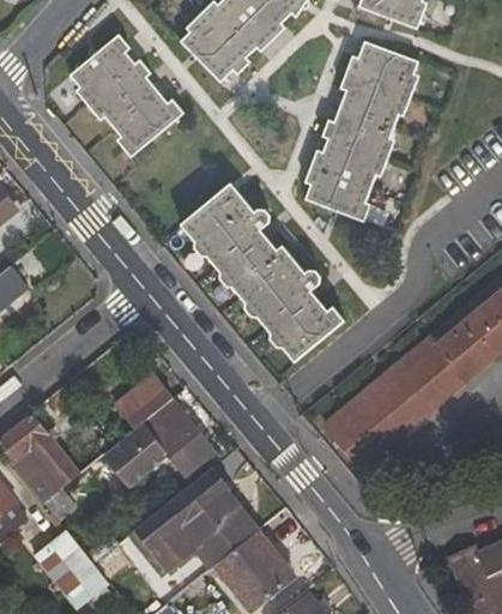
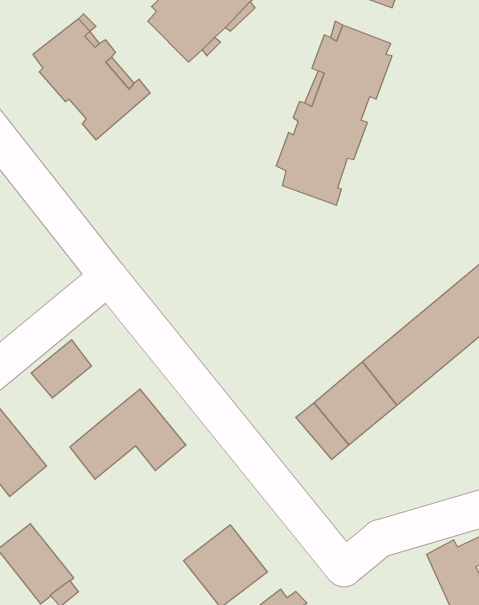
building: [180,185,343,362] -> none
building: [114,374,173,431] -> [31,340,92,398]
building: [135,465,260,571] -> none

